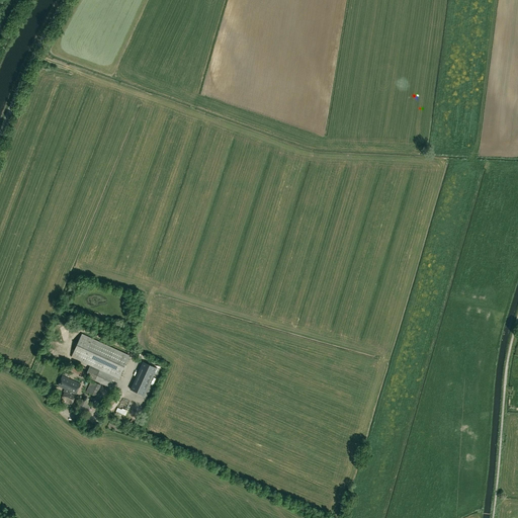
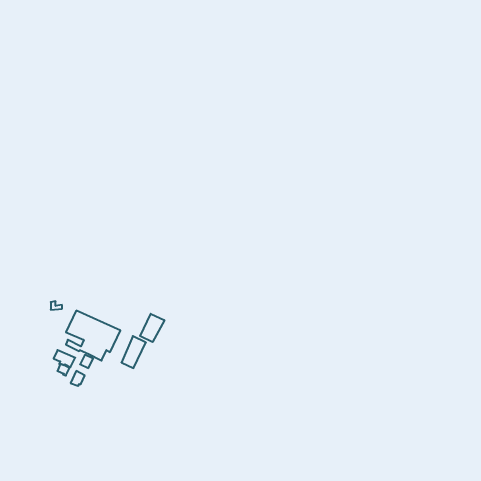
building: none -> [140,314,164,342]

